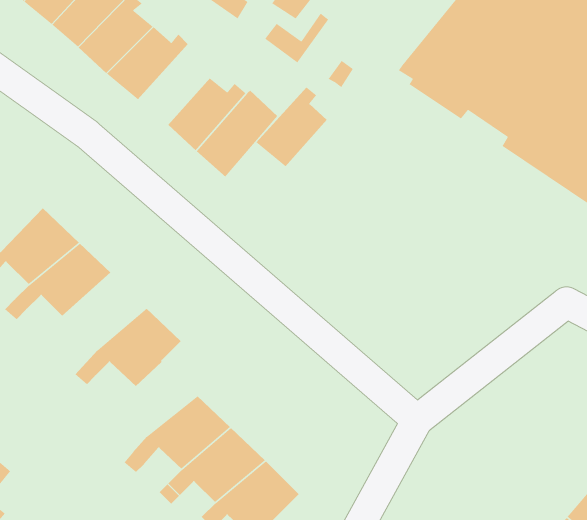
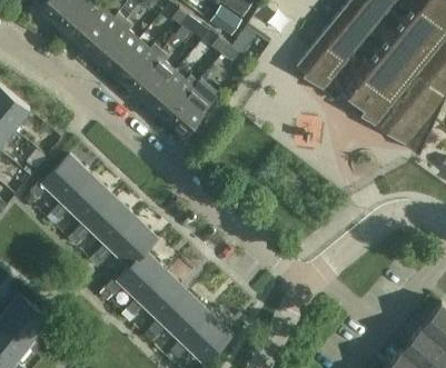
building: [256,86,328,167] -> [130,51,176,102]
building: none -> [68,196,136,247]
building: none -> [99,252,168,301]

